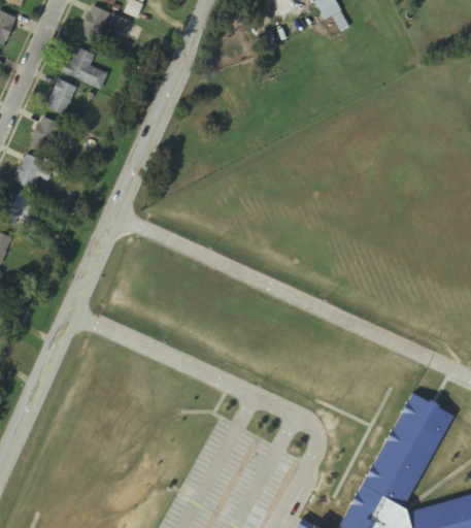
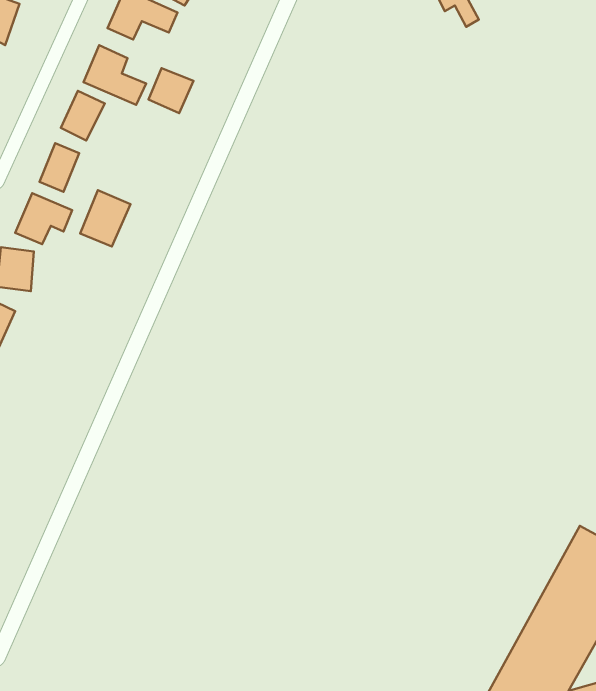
building: none -> [149,68,193,113]
building: none -> [80,190,130,246]

